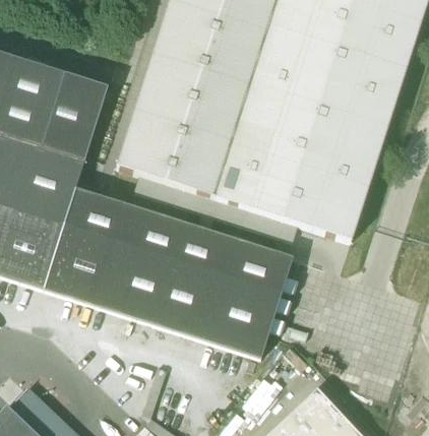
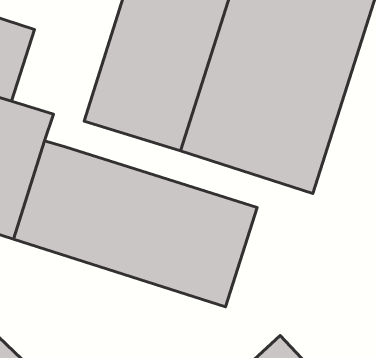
building: [42,74,108,161] -> none

